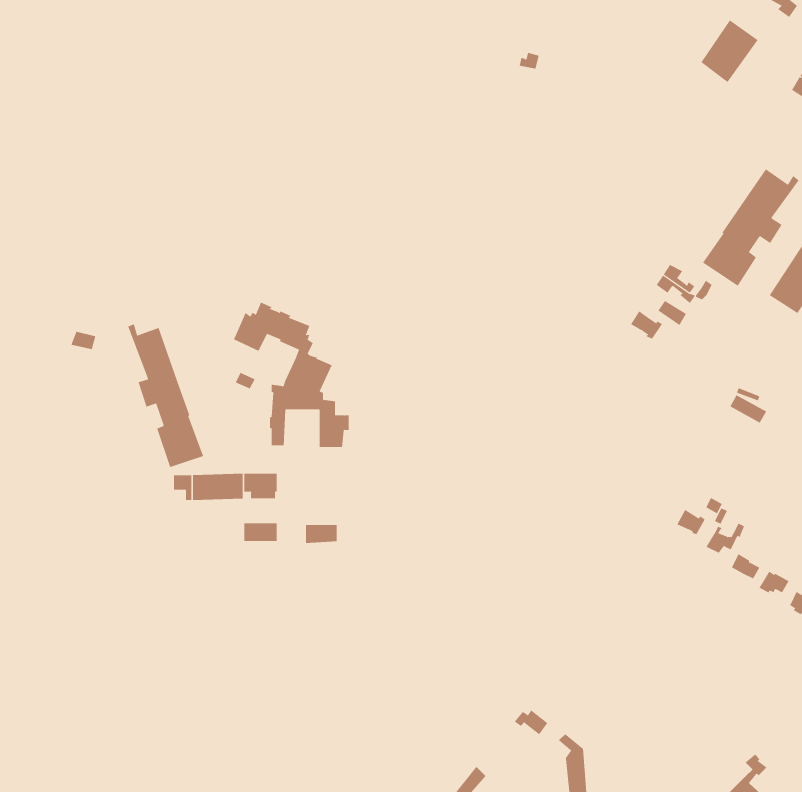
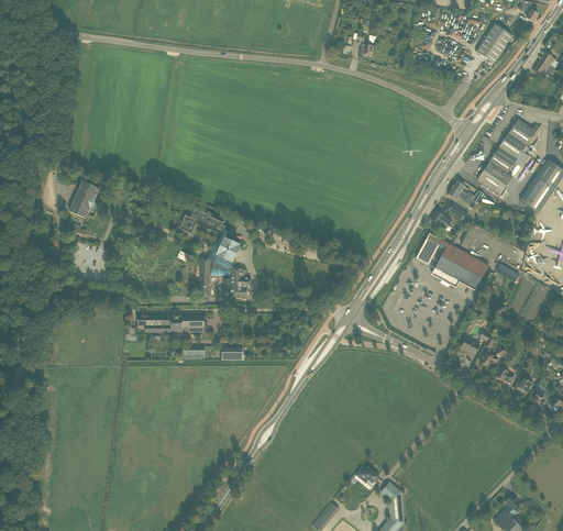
building: none -> [68,179,99,218]
building: [128,323,204,468] -> none
building: none -> [416,233,488,290]

